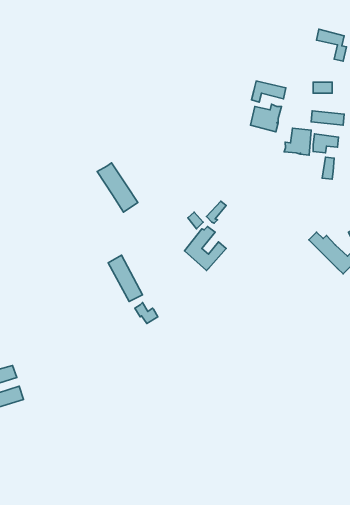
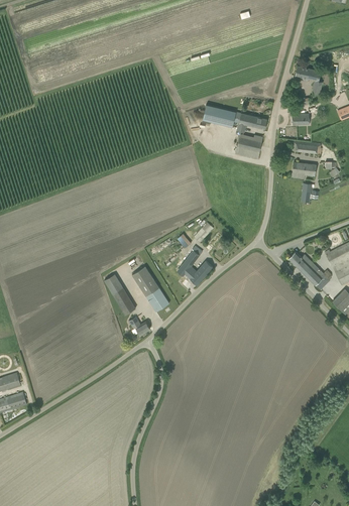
building: none -> [203,104,239,127]
building: [284,128,311,155] -> none
building: [97,163,138,212] -> [132,266,169,311]

